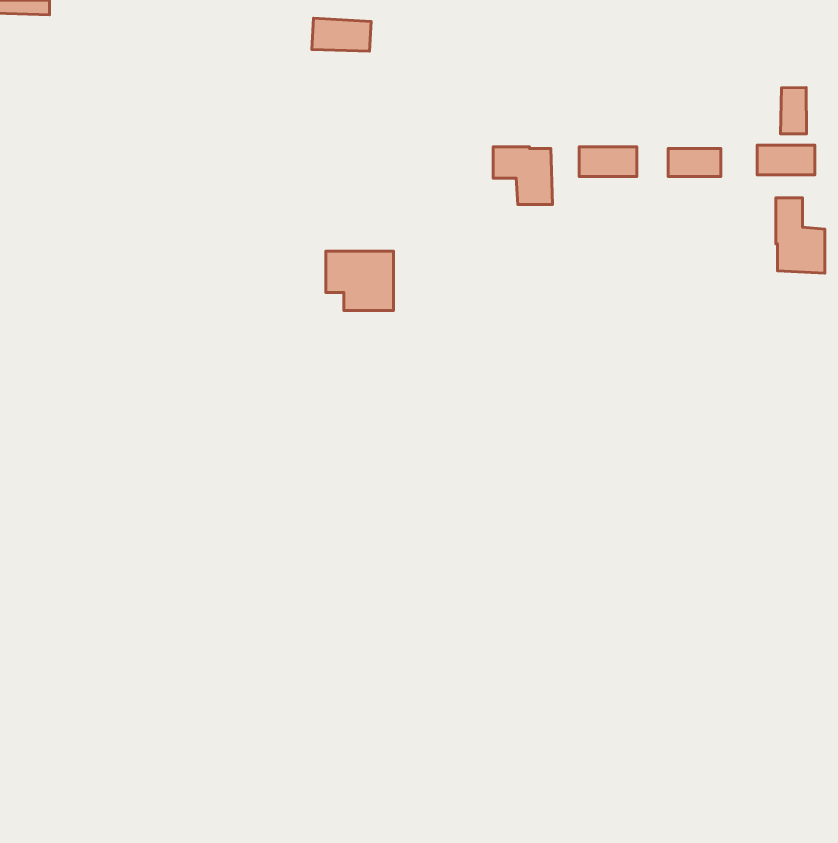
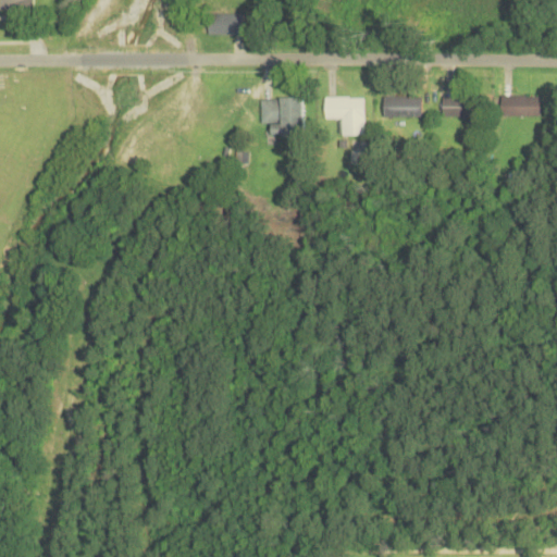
building: [780,88,807,134] -> none
building: [776,198,825,273] -> none
building: [326,251,393,311] -> [258,97,302,136]

